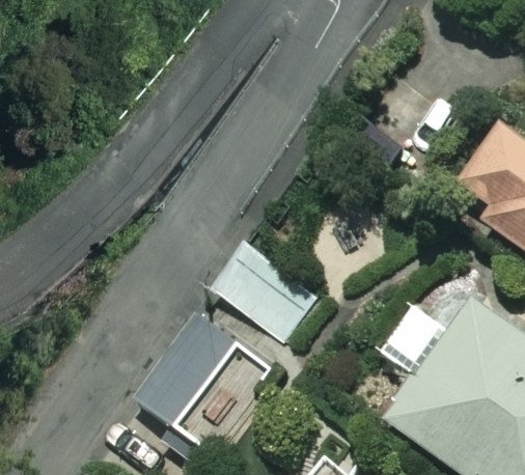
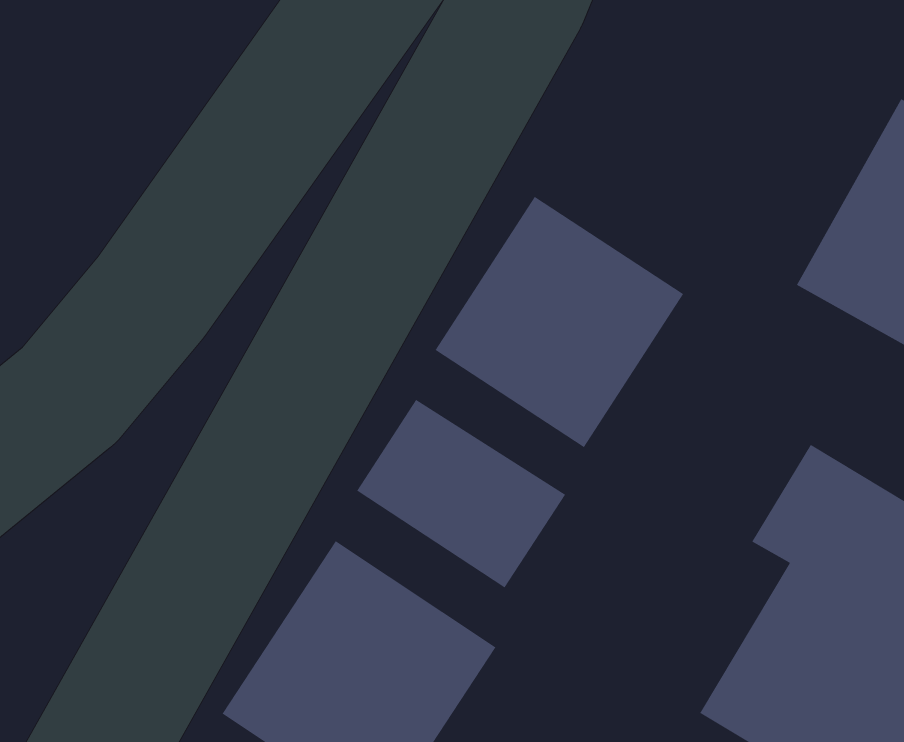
building: none -> [434,196,684,448]

